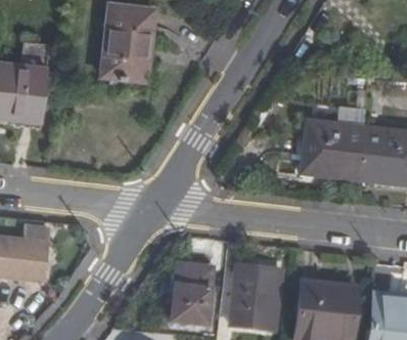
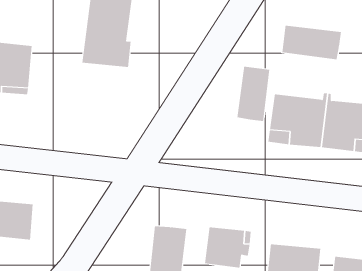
building: none -> [282,25,341,60]
building: none -> [237,66,270,122]

